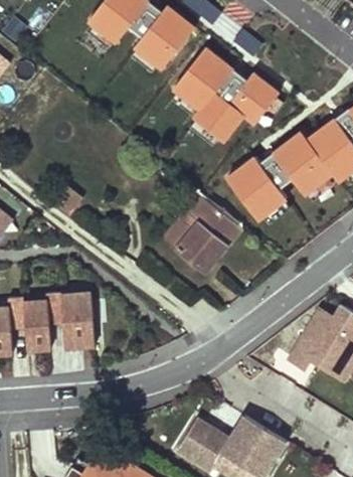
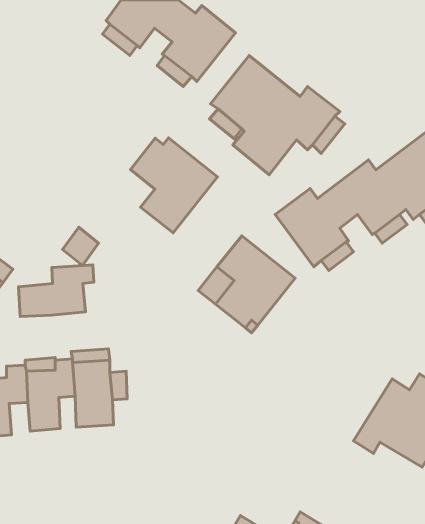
building: none -> [130,138,218,233]
building: none -> [19,265,94,317]

